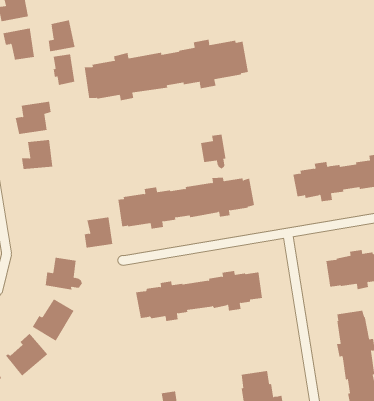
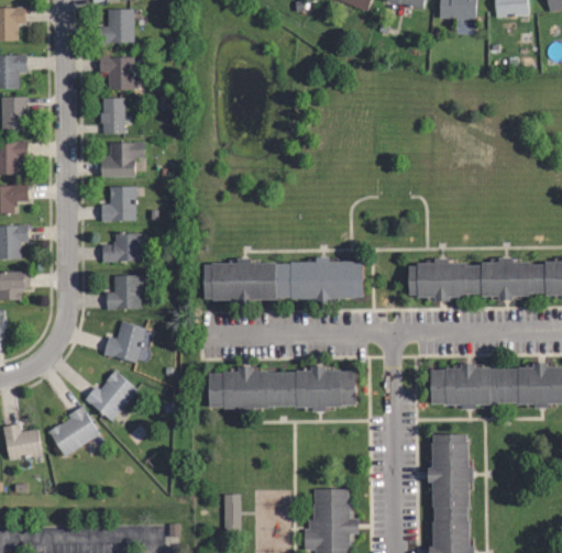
building: [48,20,75,52] -> none
building: [84,39,248,101] -> none
building: [53,54,75,85] -> [101,98,124,132]
building: [201,134,226,169] -> none
building: none -> [102,234,141,263]
building: [84,217,113,248] -> [109,275,141,307]

